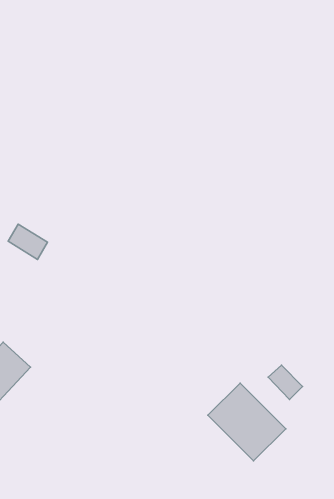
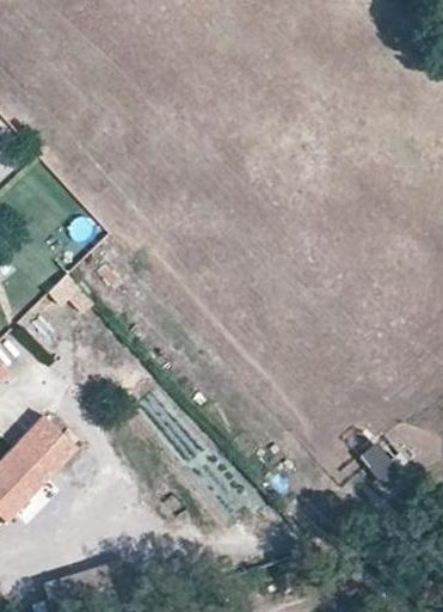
building: [208,383,286,461] -> none

